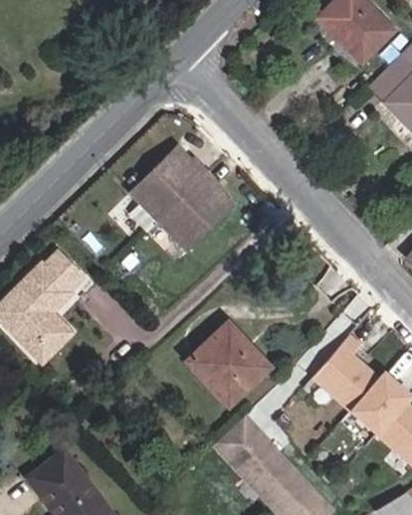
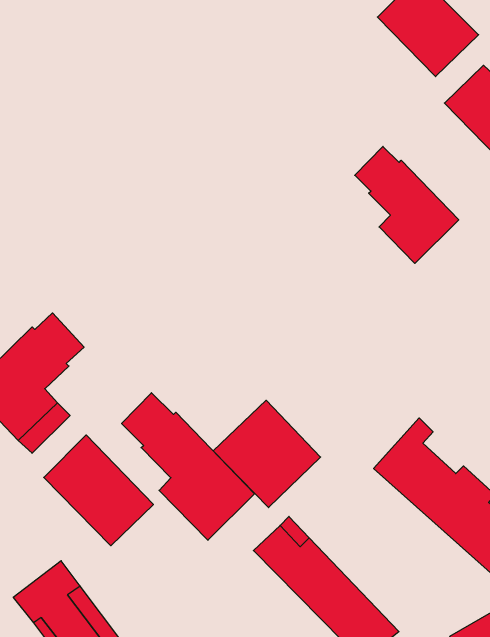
building: none -> [355,146,459,263]
building: [130,147,232,250] -> none
building: none -> [122,393,255,540]
building: none -> [44,435,153,546]

